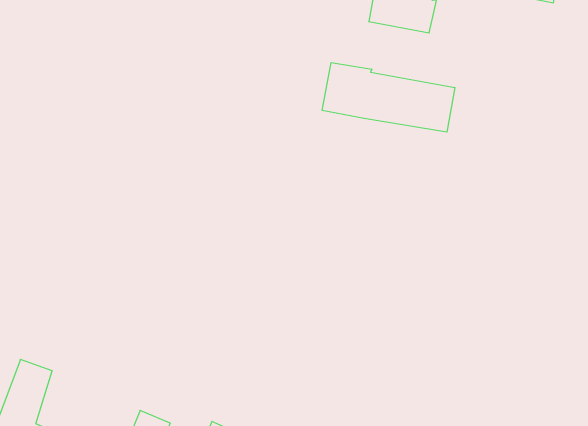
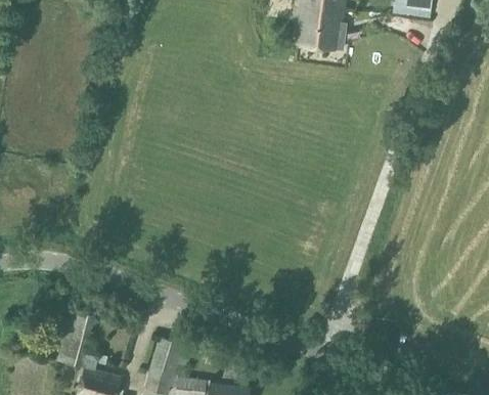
building: [322,63,455,132] -> none

